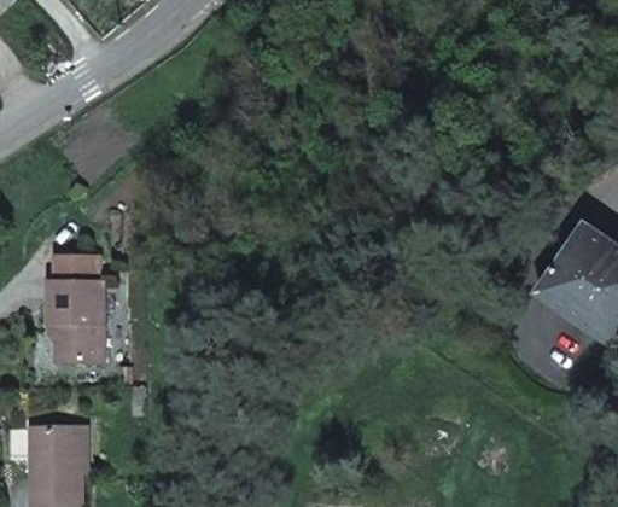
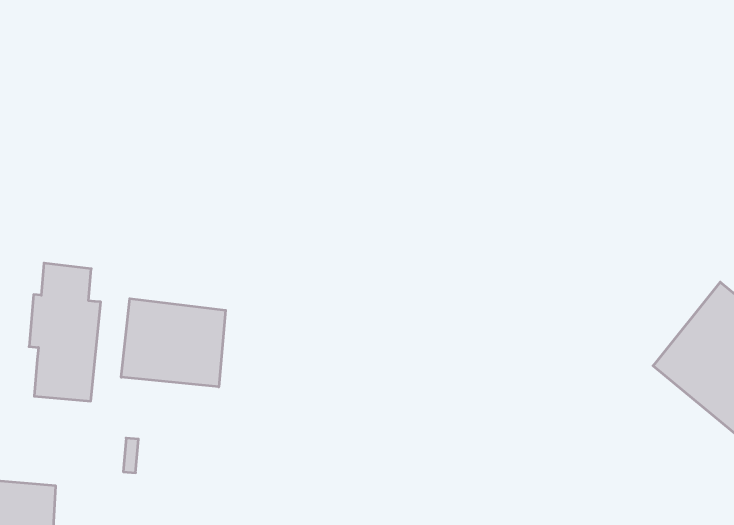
building: none -> [121,299,226,387]

